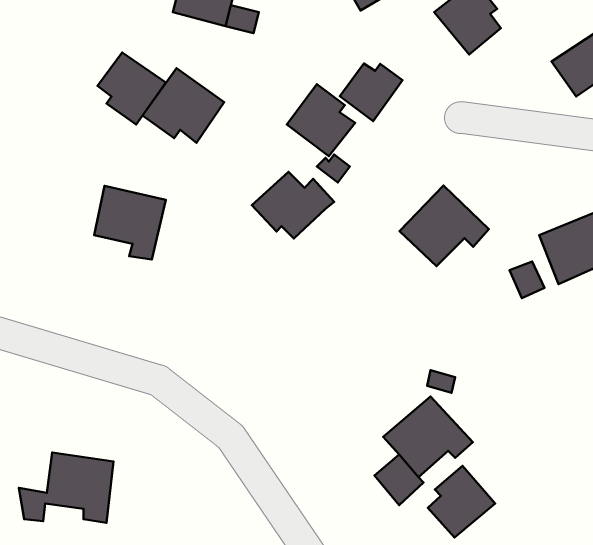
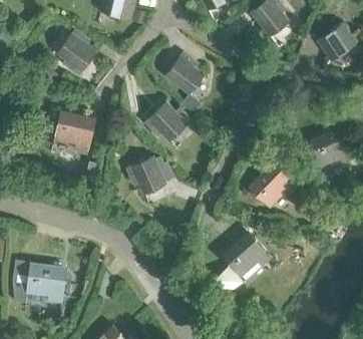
building: [340,64,402,121] -> none
building: [143,68,224,143] -> none
building: [400,185,489,266] -> [248,160,299,207]
building: none -> [127,157,171,195]
building: [428,466,495,537] -> none

